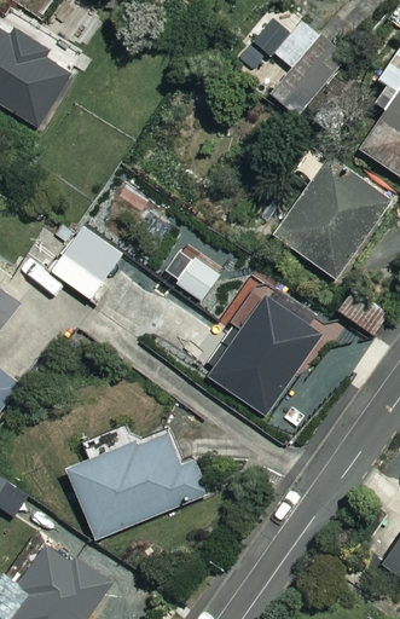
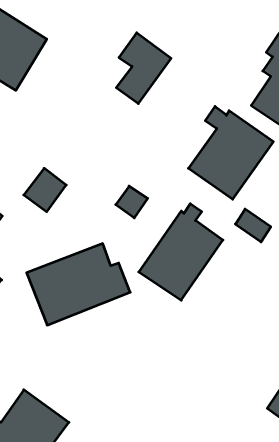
building: [271,22,346,118] -> [116,33,171,104]
building: [66,429,208,540] -> [27,244,130,325]

